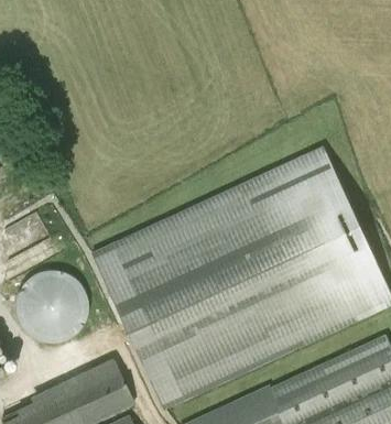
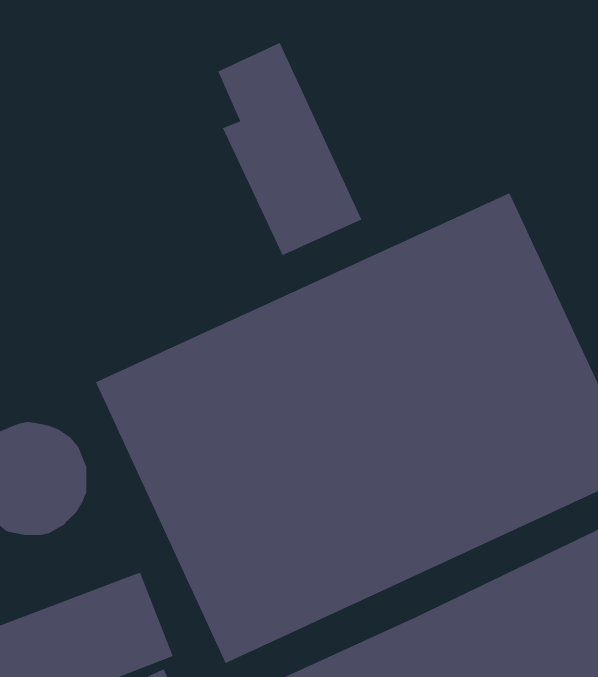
building: none -> [217,42,362,256]

